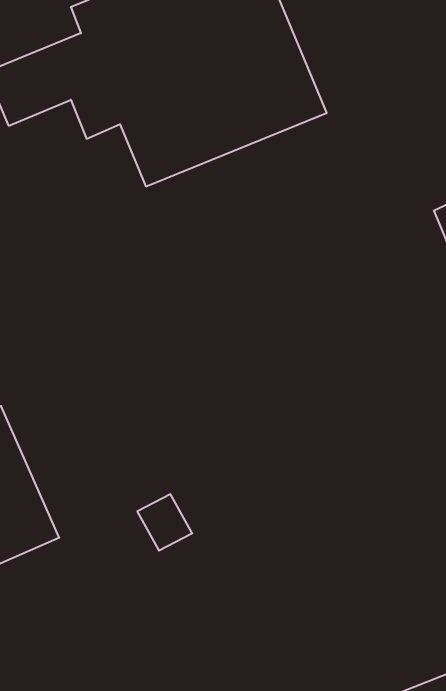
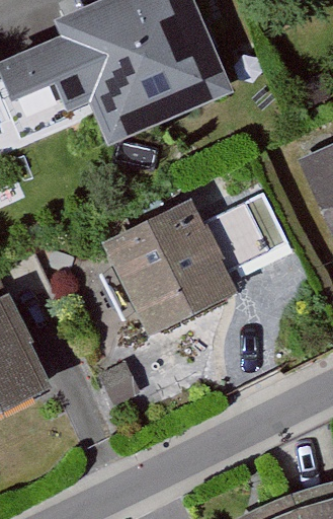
building: none -> [109,208,233,329]

